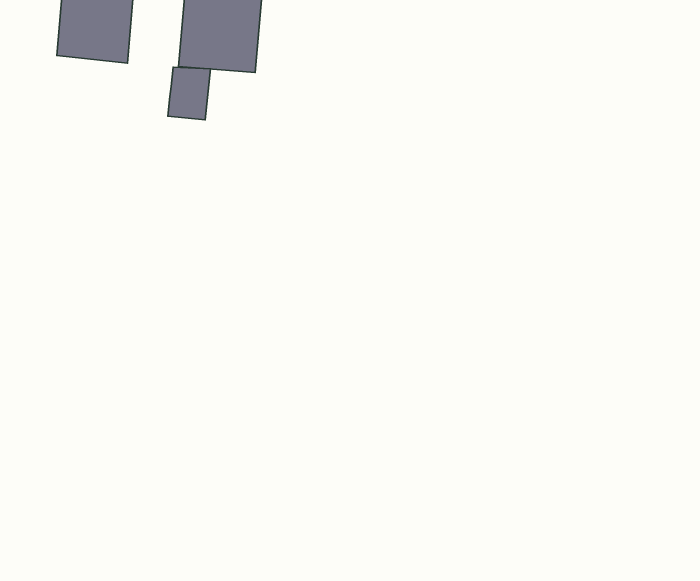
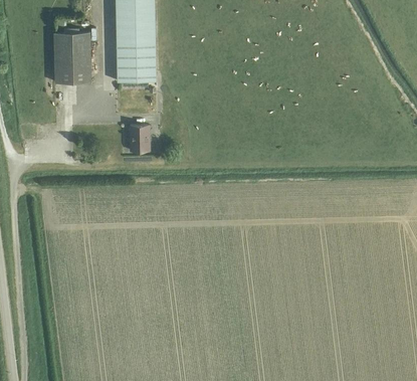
building: [168,67,211,120] -> [130,126,149,152]

